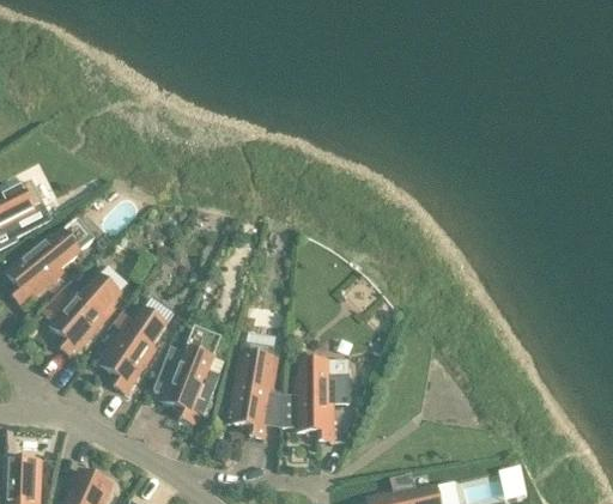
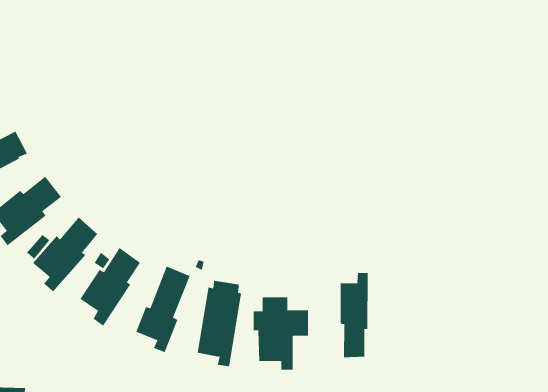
building: none -> [340,272,368,358]

